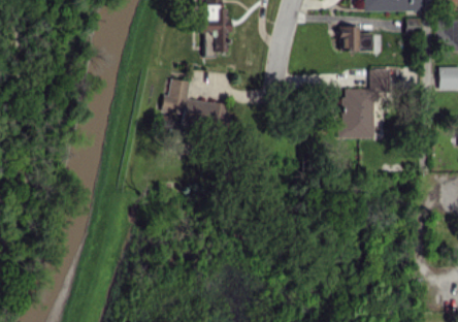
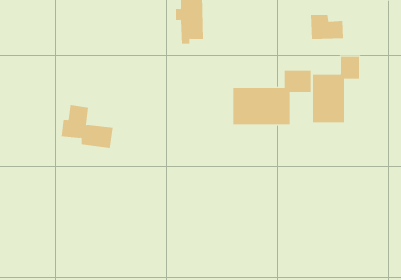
building: [162,78,217,124] -> [61,105,114,148]
building: none -> [233,70,311,125]

